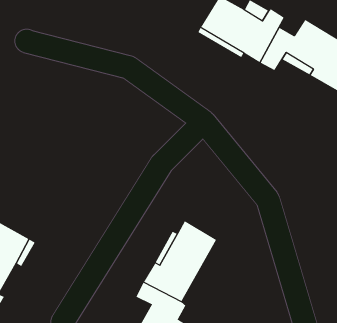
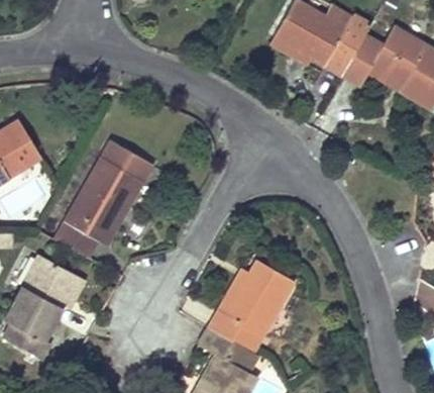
building: none -> [56,139,153,257]

